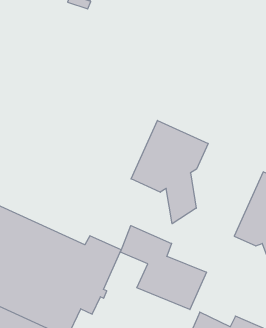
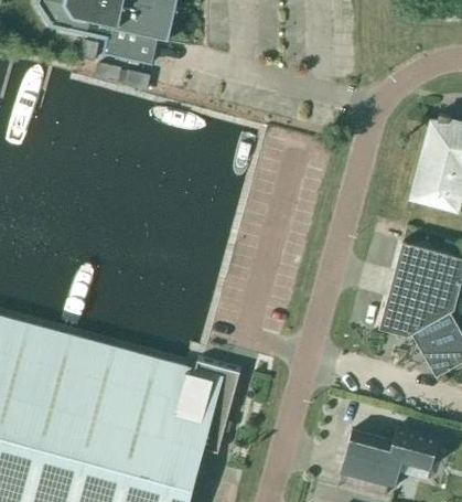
building: [131,120,208,224] -> none
building: [120,226,206,310] -> none

